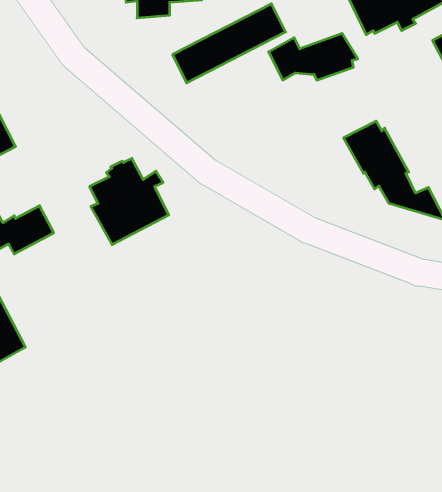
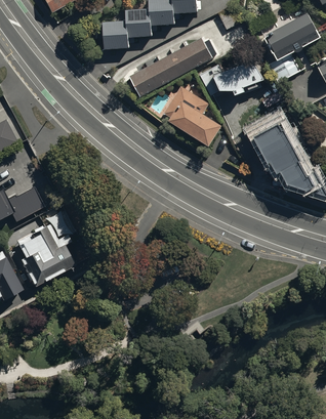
building: none -> [164,85,222,146]
building: [90,158,169,245] -> [17,223,75,286]

